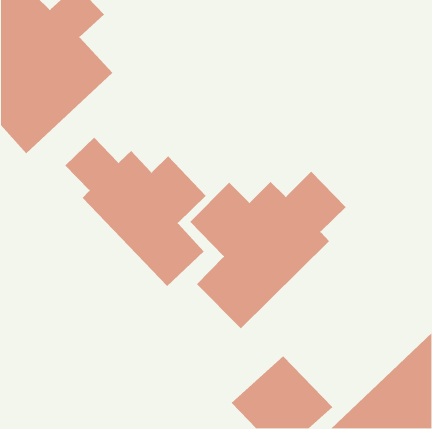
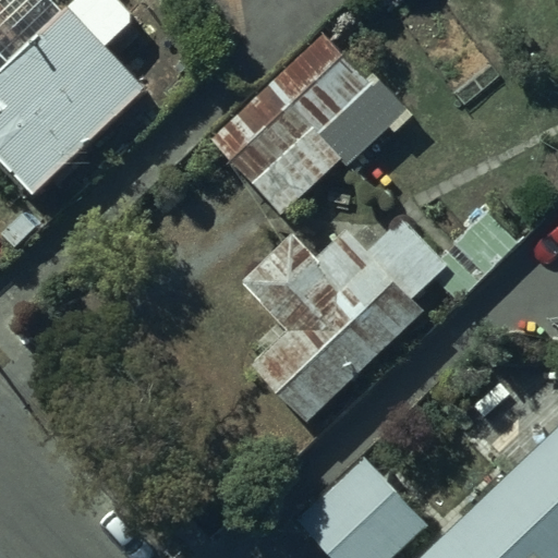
building: none -> [209,34,368,211]
building: [65,137,206,287] -> none

